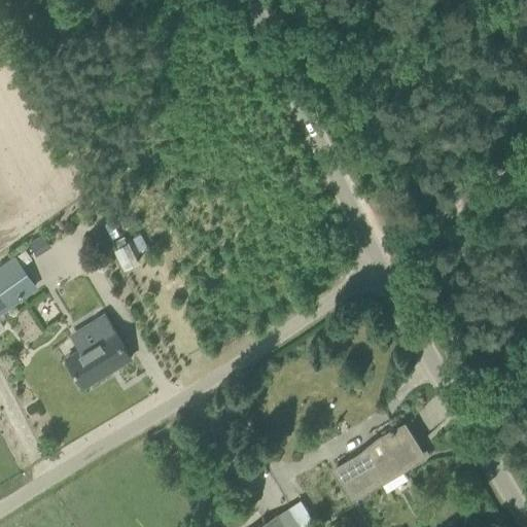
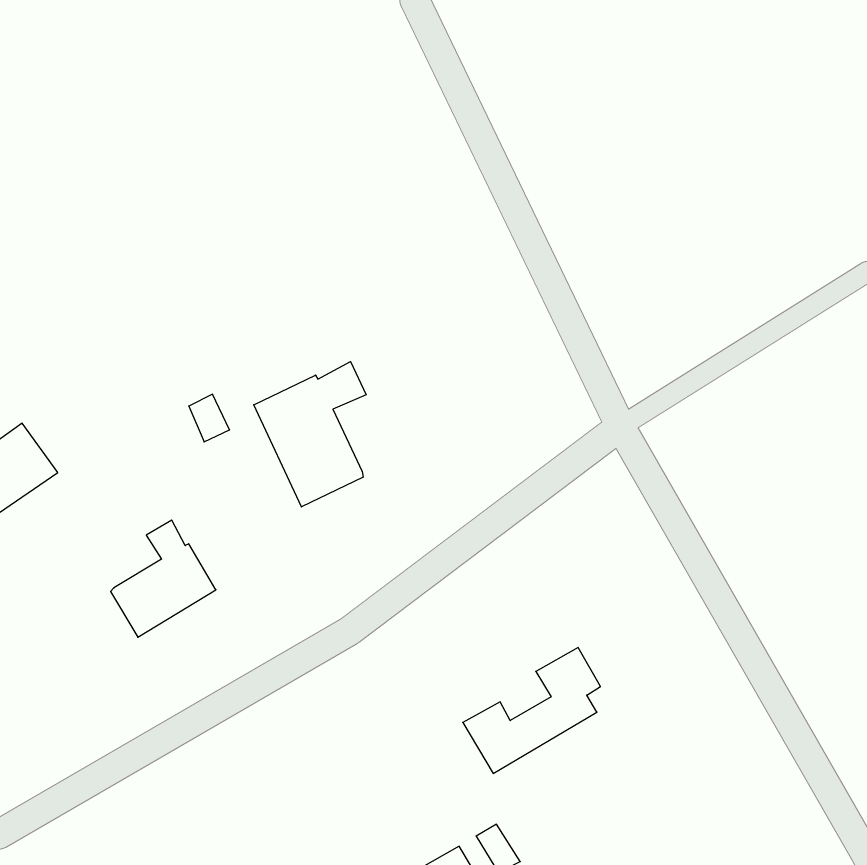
building: none -> [254,362,366,507]
building: [336,424,419,500] -> [463,648,600,773]

